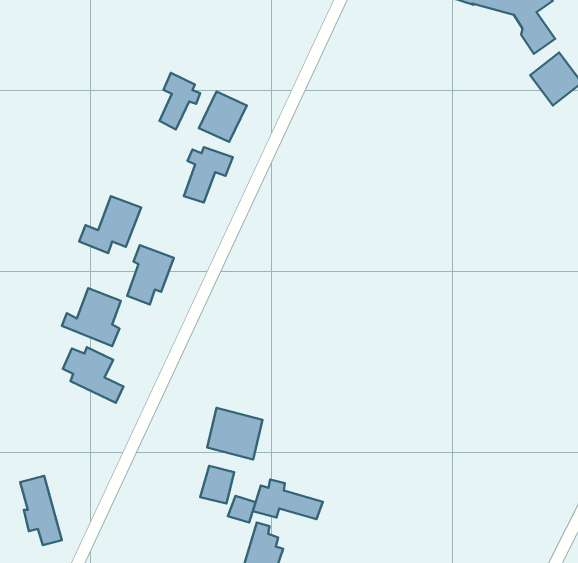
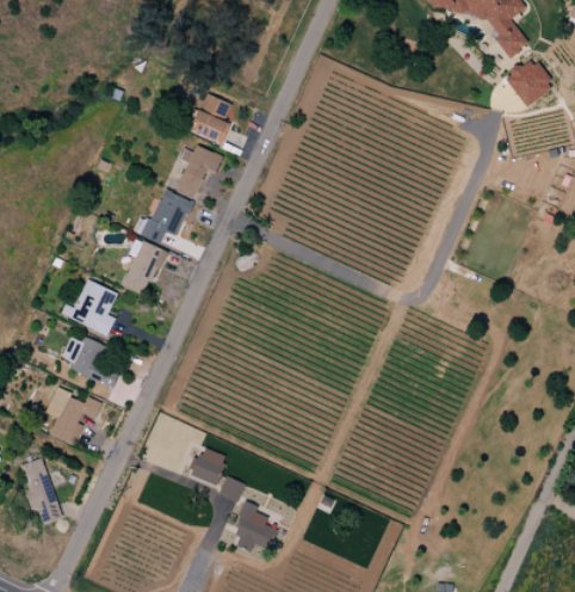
building: [160,73,200,129] -> none
building: [79,196,141,253] -> [134,189,192,242]
building: none -> [47,388,101,443]
building: [207,408,263,459] -> none
building: [253,480,323,519] -> none

